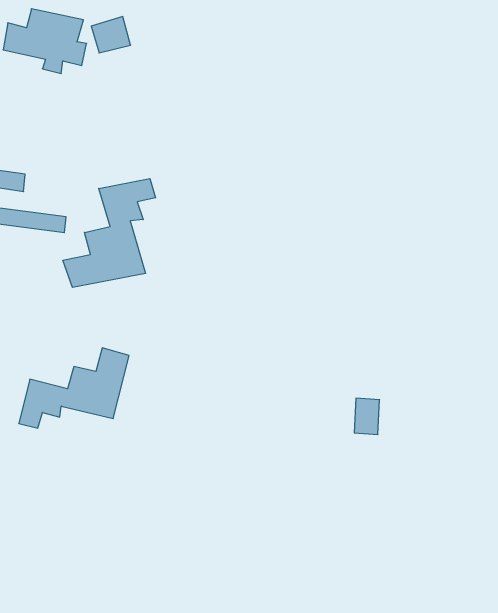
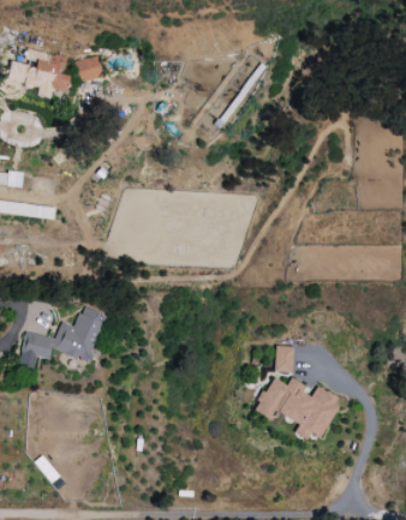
building: [63,179,156,287] -> none
building: none -> [253,377,342,441]

